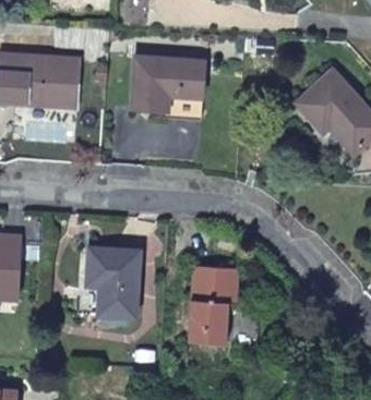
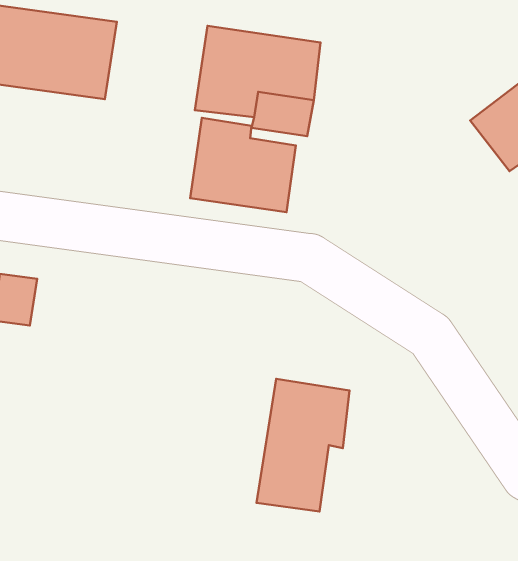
building: none -> [190,118,296,212]
building: [88,250,140,316] -> none

